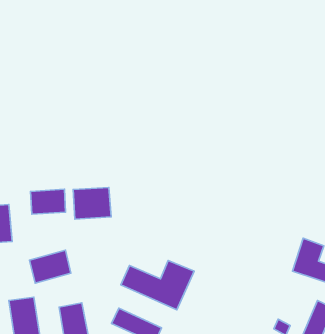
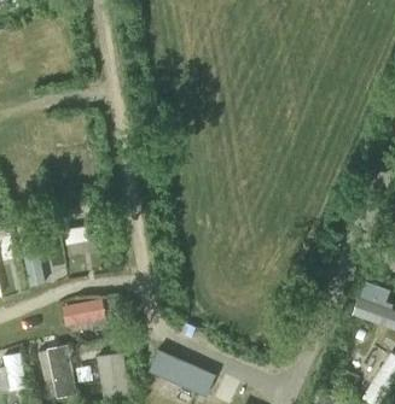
building: [73,187,111,219] -> none
building: [121,260,194,310] -> none

